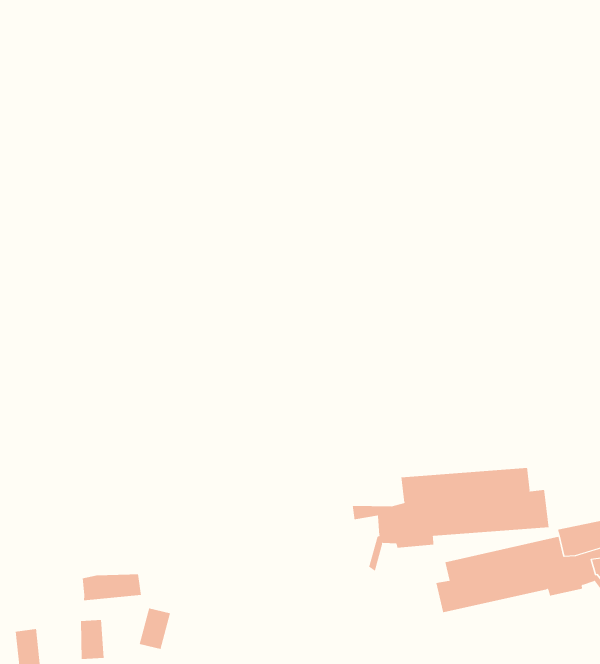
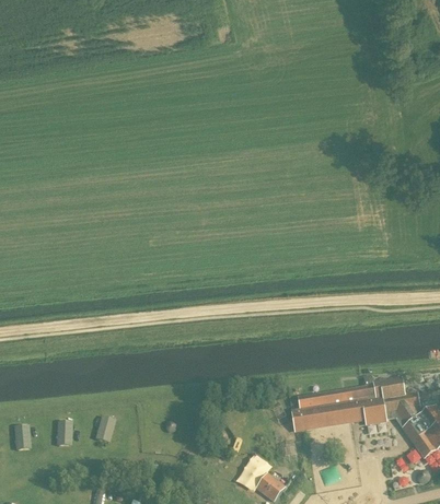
building: [352,467,549,572] -> none
building: [82,574,142,601] -> none

